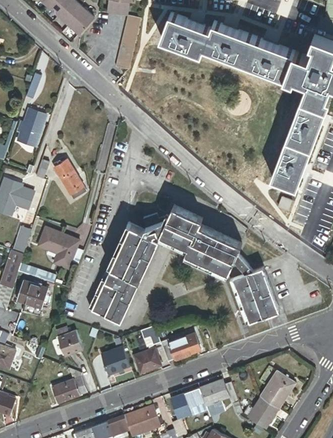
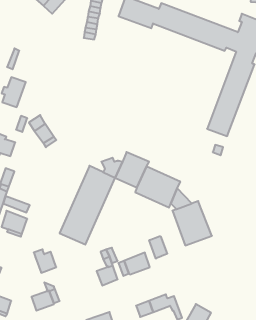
building: [38,232,77,270] -> none
building: none -> [149,236,167,259]
building: [101,347,131,376] -> none
building: [257,370,290,407] -> none

